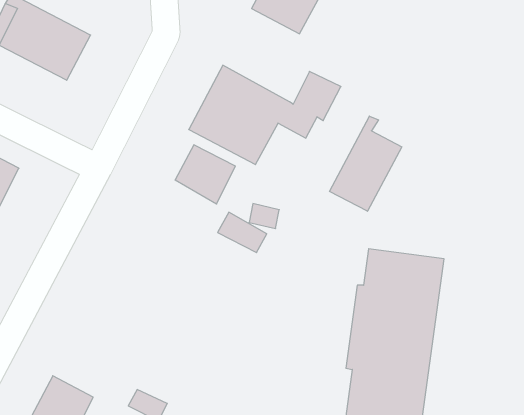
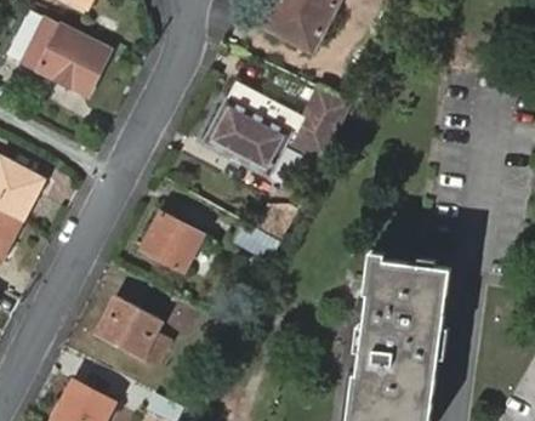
building: [330,116,402,211] -> none
building: [175,145,235,204] -> [143,214,201,271]
building: none -> [97,296,171,365]

